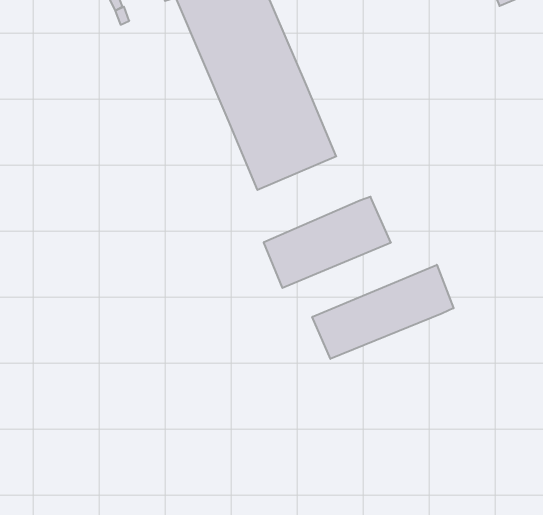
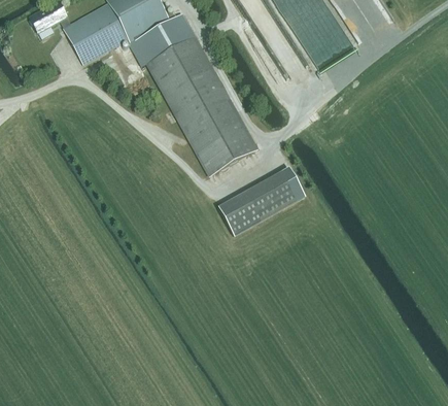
building: [312,265,454,359] -> none

